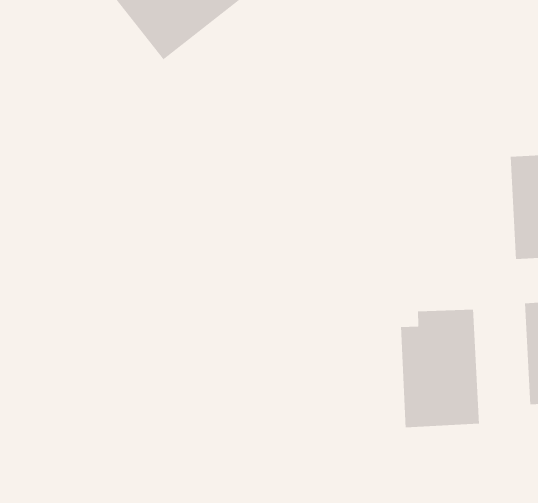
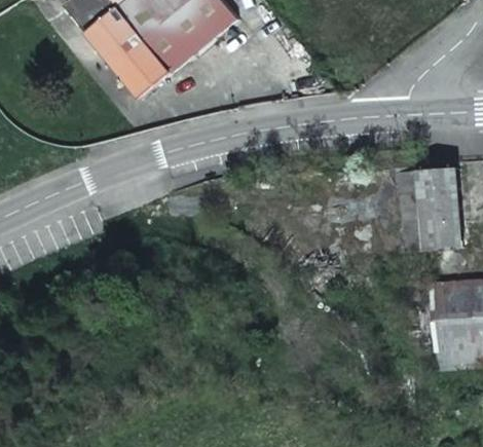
building: none -> [393,170,419,251]
building: [400,309,480,428] -> none

